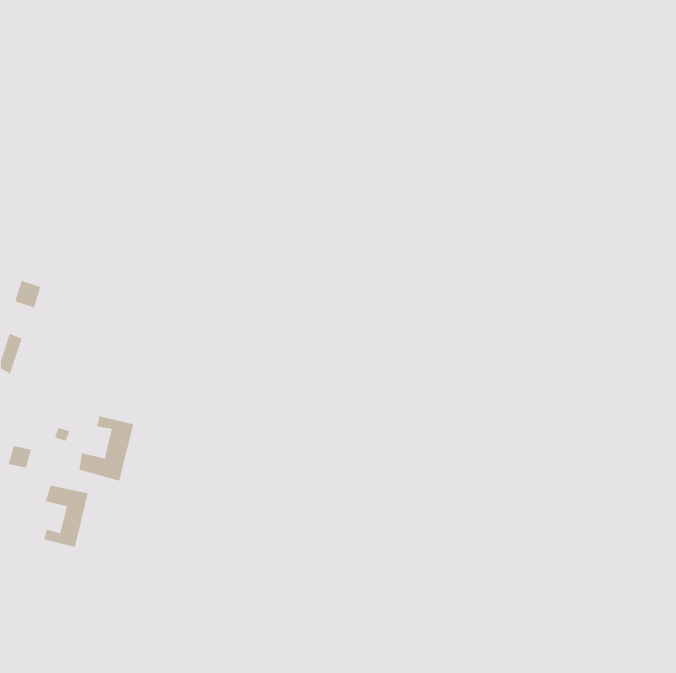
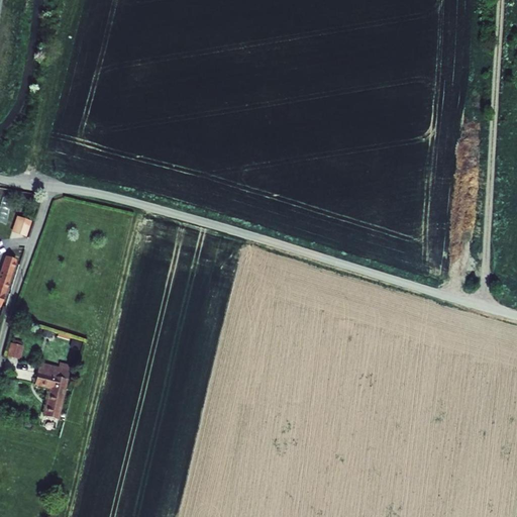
building: [79,416,134,481] -> none

